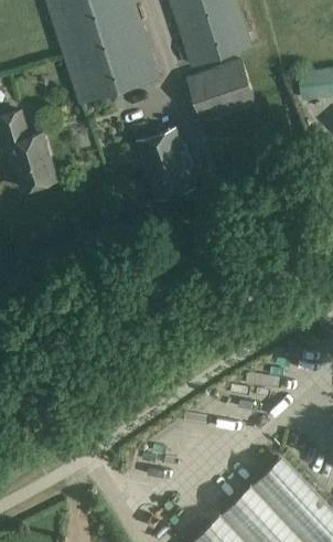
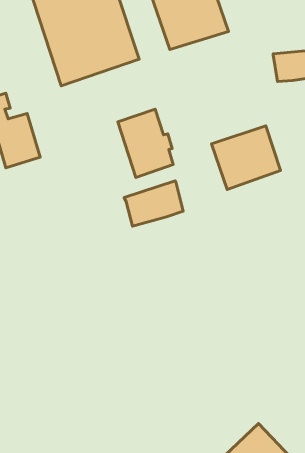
building: [186,59,258,125] -> [211,126,281,190]
building: none -> [124,181,183,226]

